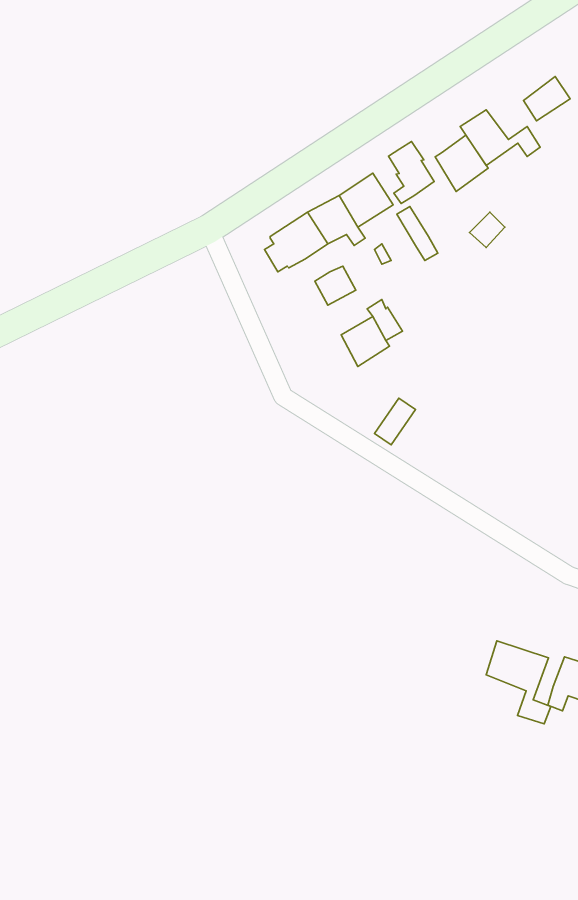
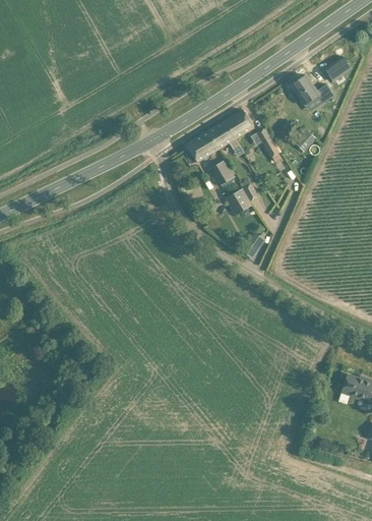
building: [435,135,488,192] -> none
building: [388,141,434,203] -> none
building: [486,641,551,724] -> none

